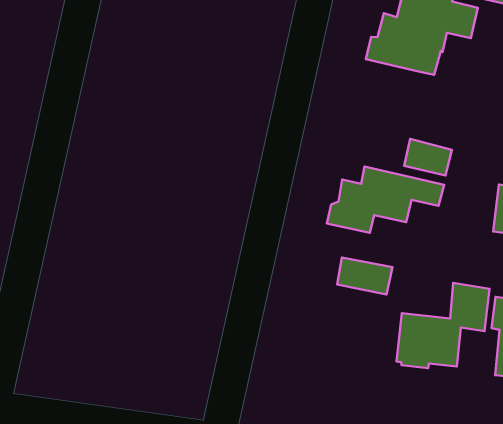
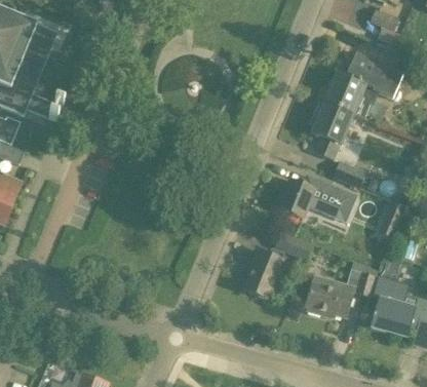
building: none -> [310,101,352,159]
building: none -> [242,249,283,298]

